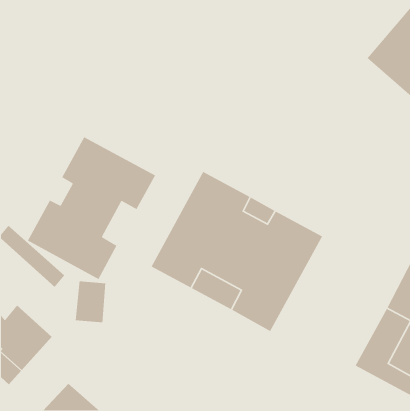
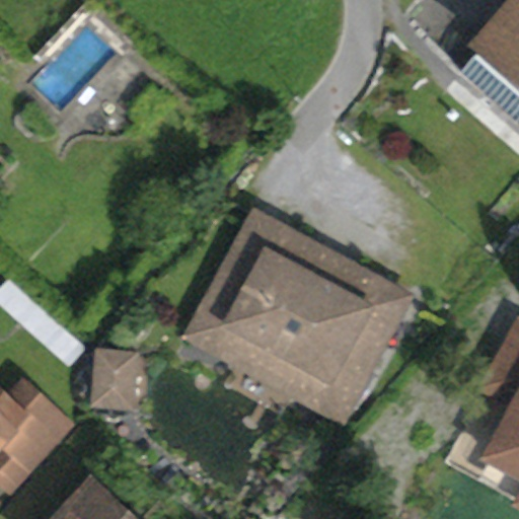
building: [27,136,156,280] -> none

